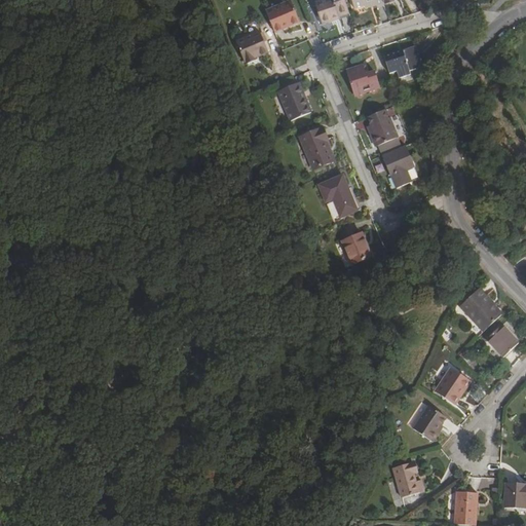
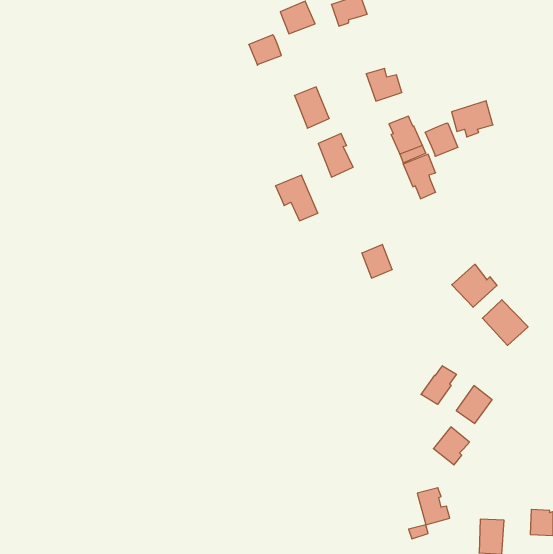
building: [383,45,422,79] -> [452,101,493,137]
building: none -> [425,123,458,156]
building: [317,174,358,217] -> [275,175,318,221]
building: none -> [452,264,497,307]
building: [485,322,516,353] -> none
building: none -> [421,366,456,404]

